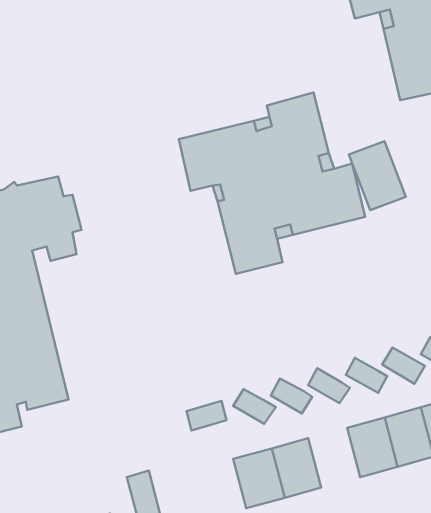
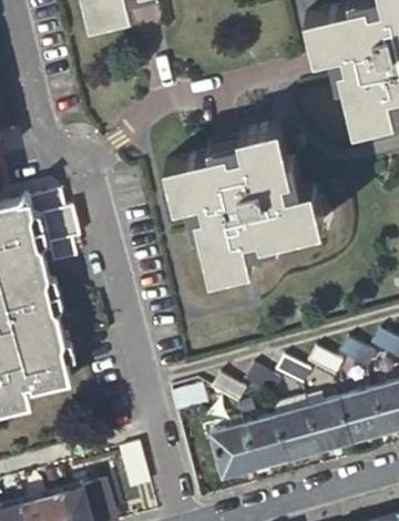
building: [349,141,406,210] -> none
building: none -> [270,403,317,461]

